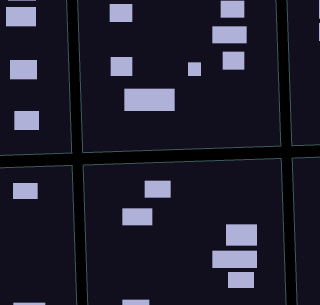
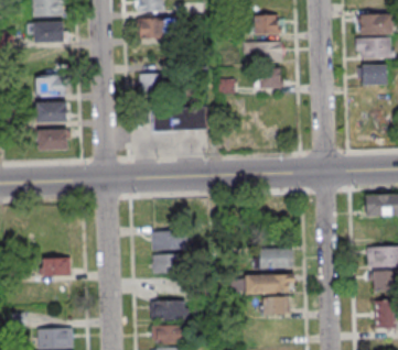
building: none -> [36,102,66,122]
building: [144,180,171,198] -> [152,254,181,273]
building: [12,182,38,199] -> [42,259,69,276]
building: none -> [150,300,186,320]

